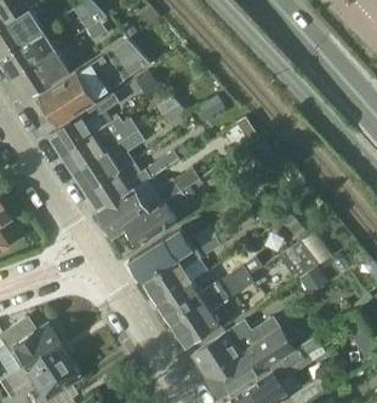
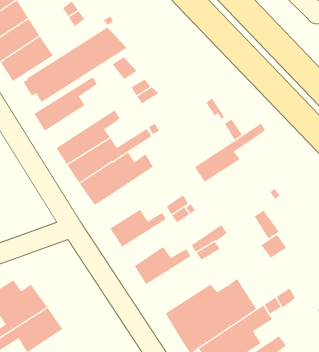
building: [61,117,138,173] -> none
building: [127,180,206,246] -> [194,123,266,182]
building: [145,251,207,303] -> none
building: [172,292,228,346] -> none

